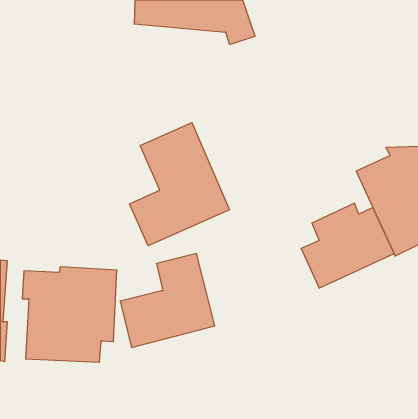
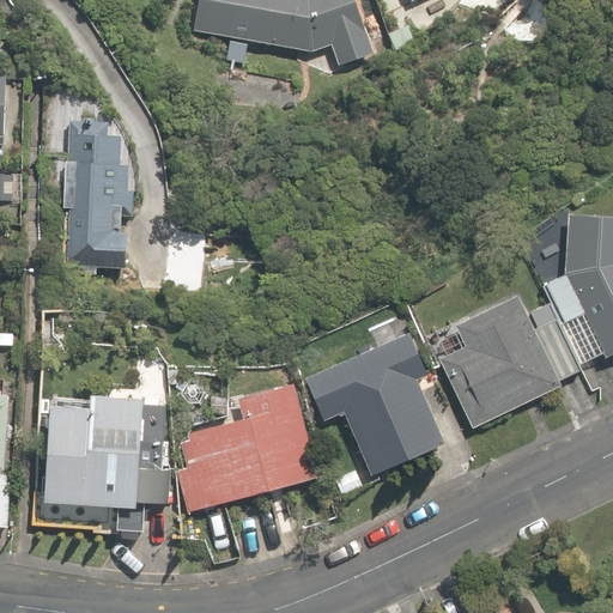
building: none -> [43,93,142,267]
building: [129,123,230,246] -> none
building: none -> [304,310,445,475]

